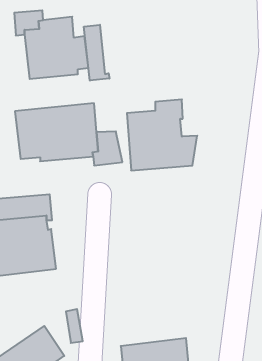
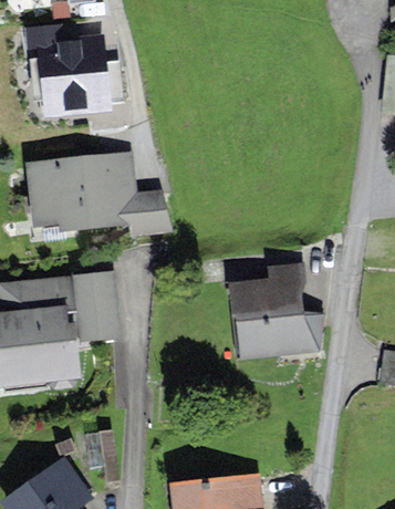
building: [84,25,109,81] -> none
building: [127,99,197,170] -> [228,263,324,361]

